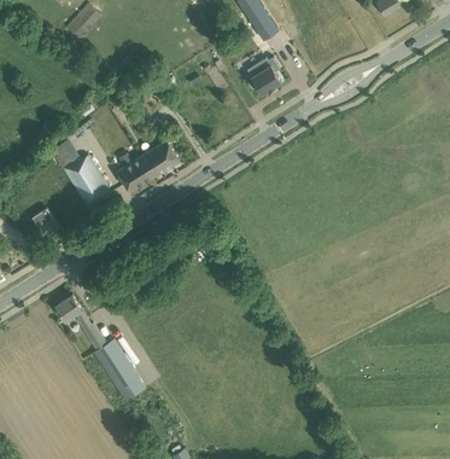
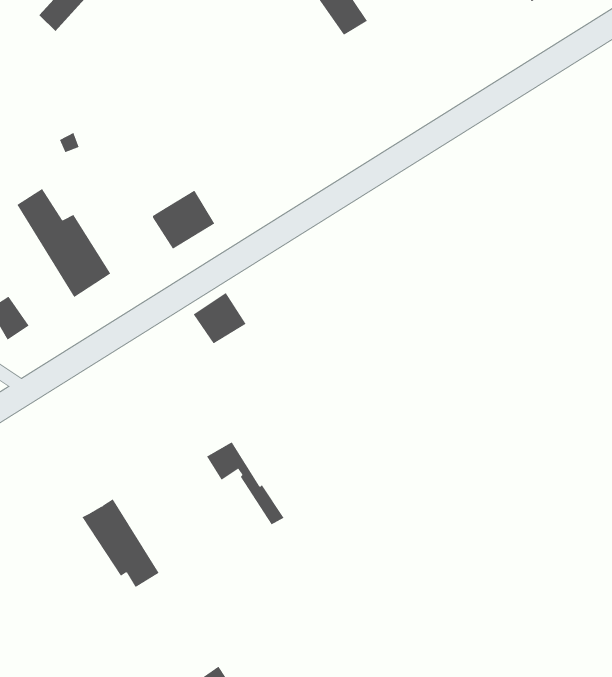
building: [245,58,281,94] -> none
building: [117,158,152,192] -> [193,292,247,344]
building: [55,296,106,350] -> [206,442,284,525]

